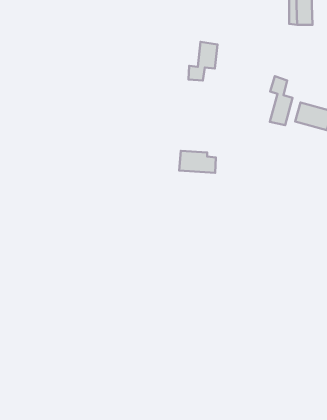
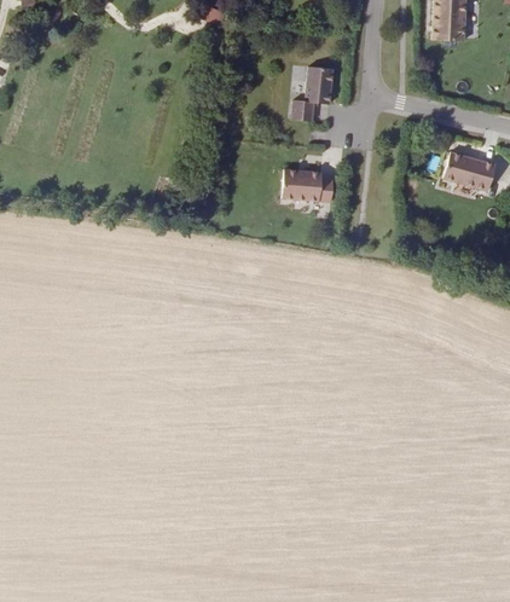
building: [270,76,293,125] -> none
building: [179,151,216,173] -> [282,169,334,201]

